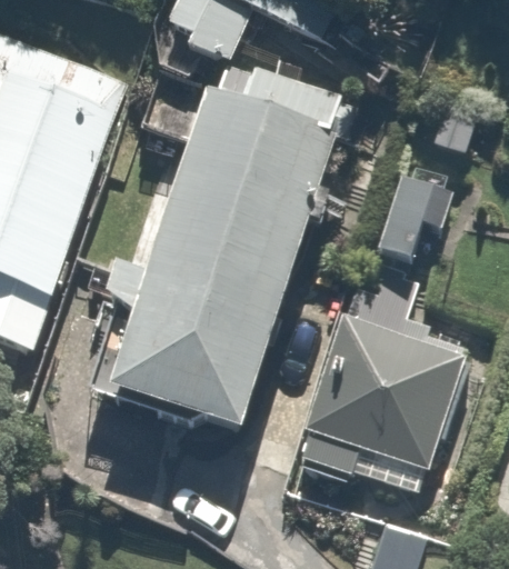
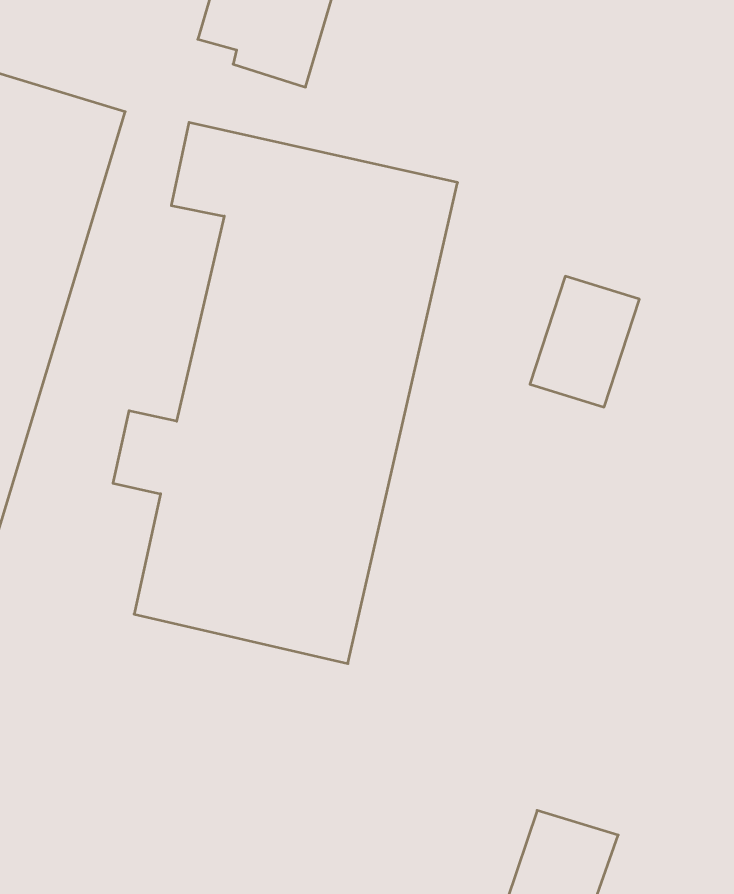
building: [307,318,460,466] -> none

